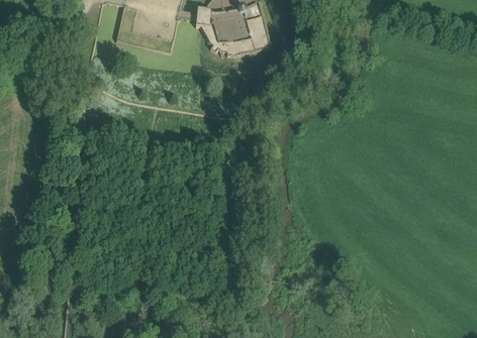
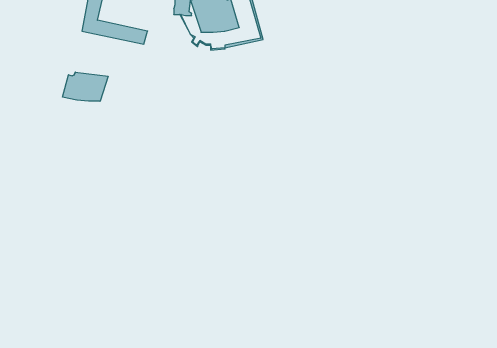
building: none -> [63,72,108,101]

